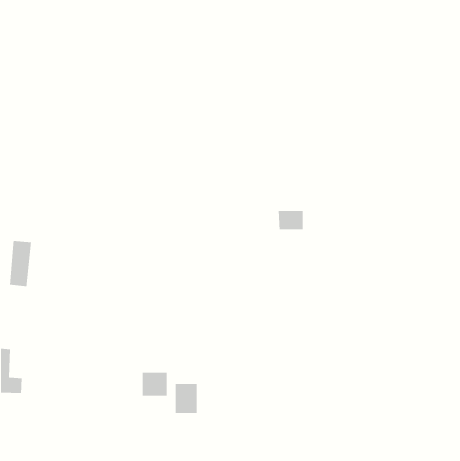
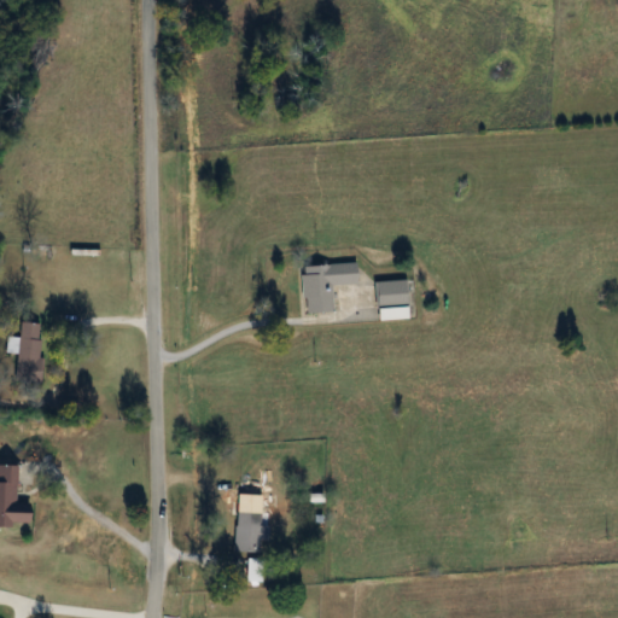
building: none -> [303,262,357,311]
building: [142,372,167,396] -> none

